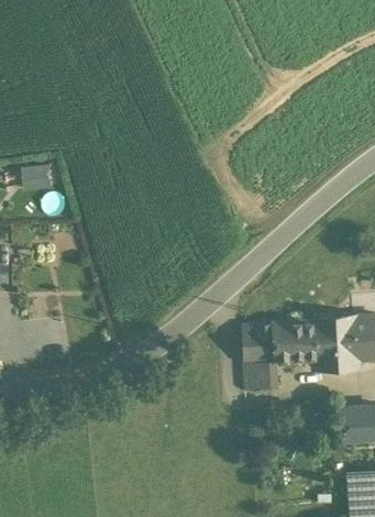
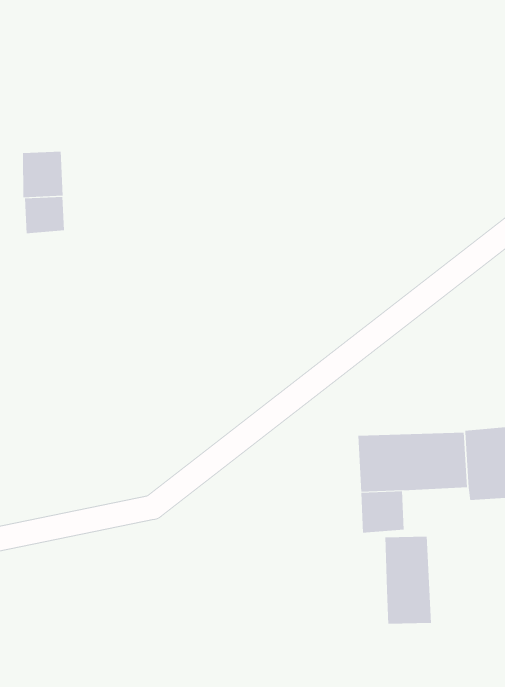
building: none -> [22,151,63,198]
building: none -> [385,536,431,624]

